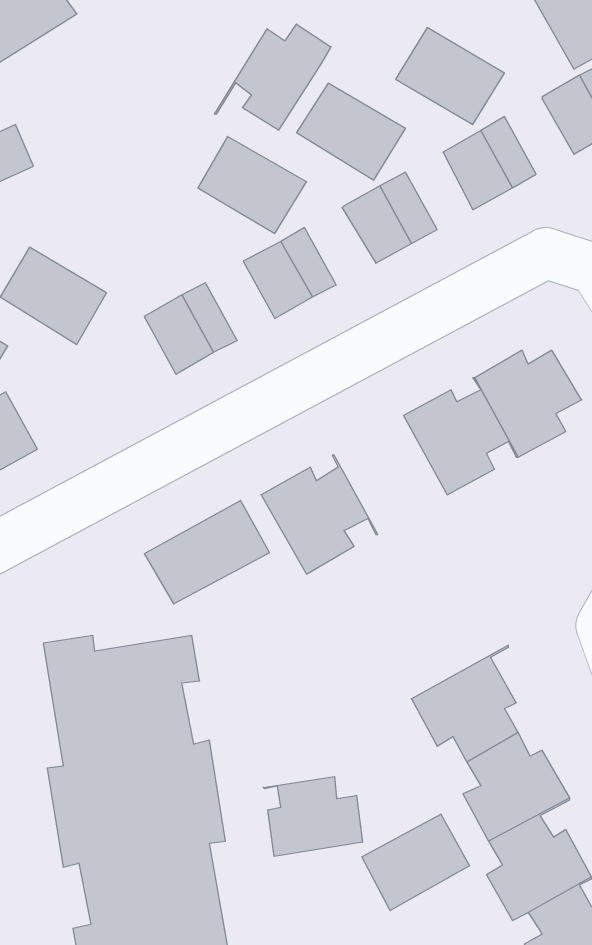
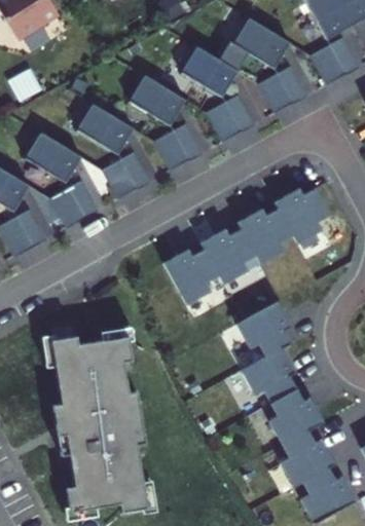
building: [215,24,331,130] -> none
building: none -> [78,104,134,154]
building: none -> [49,179,98,227]
building: none -> [200,220,259,281]
building: [144,500,269,604] -> none
building: none -> [235,298,291,367]
building: [263,777,363,856] -> none
building: [362,814,469,911] -> none

